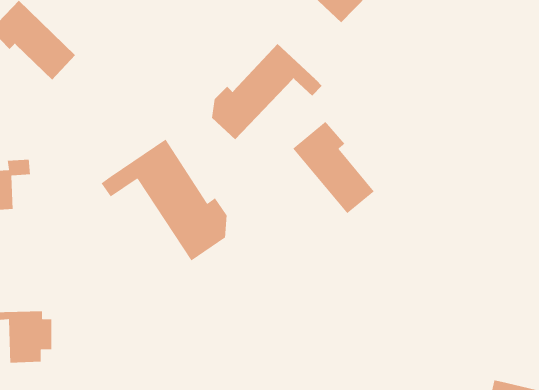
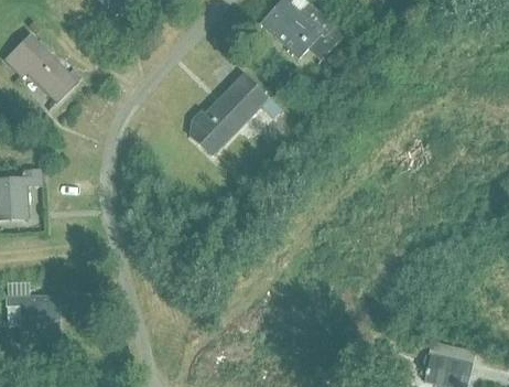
building: [292,121,375,214] -> none
building: [100,139,228,261] -> none

